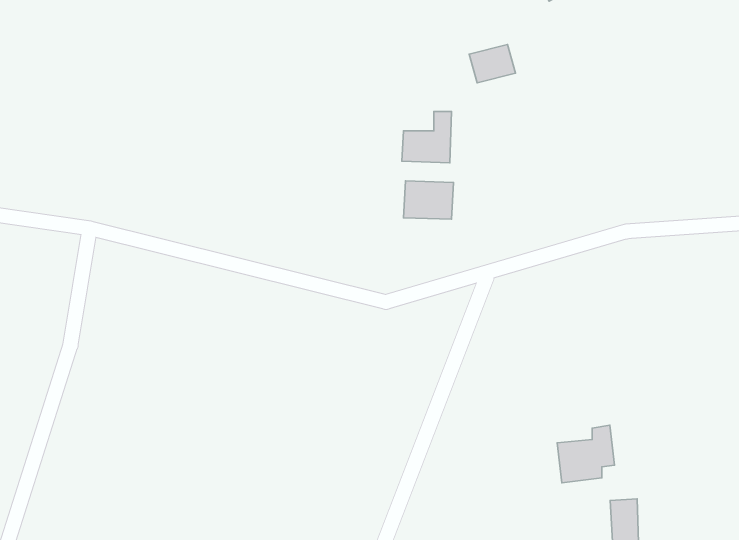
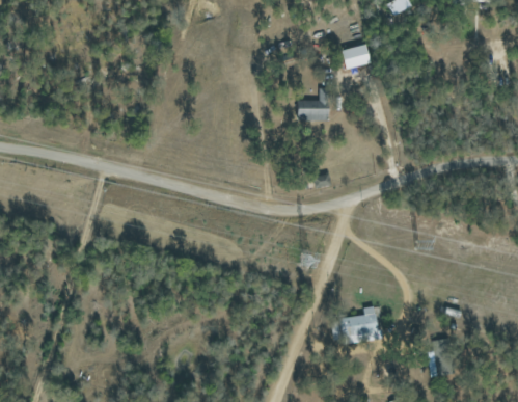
building: [403,181,454,219] -> none
building: [557,425,615,483] -> [340,306,378,344]

